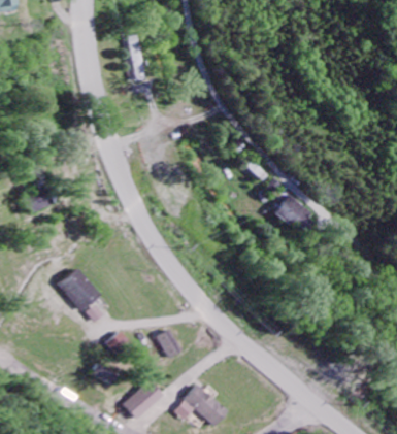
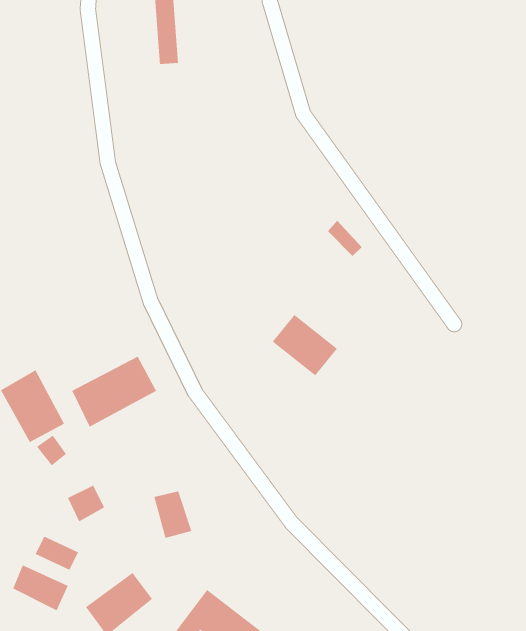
building: [272,195,311,230] -> [272,314,338,376]
building: none -> [71,356,157,427]
building: none -> [13,565,69,611]

